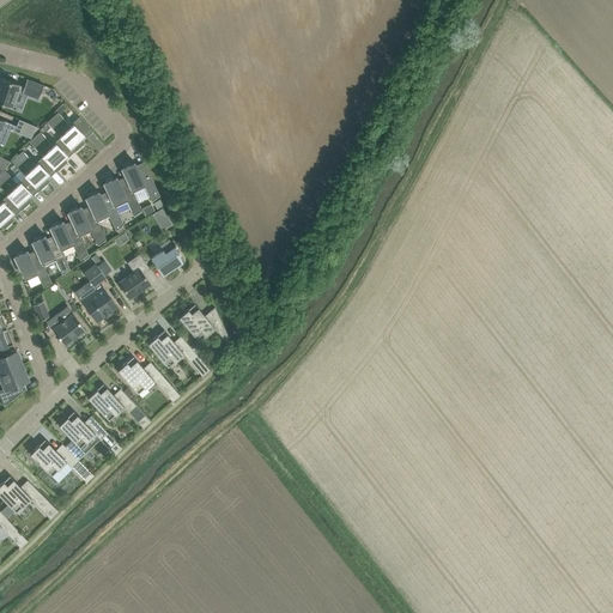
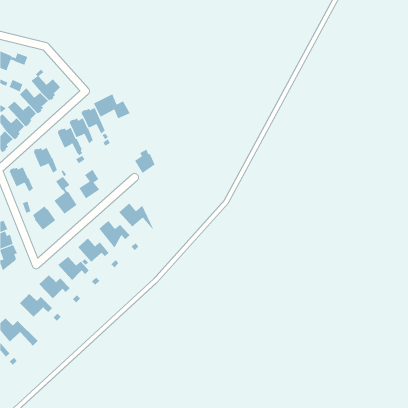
building: none -> [93,93,130,119]
building: [67,207,105,247] -> none
building: [31,236,69,275] -> none
building: [150,239,182,277] -> [134,149,156,174]

